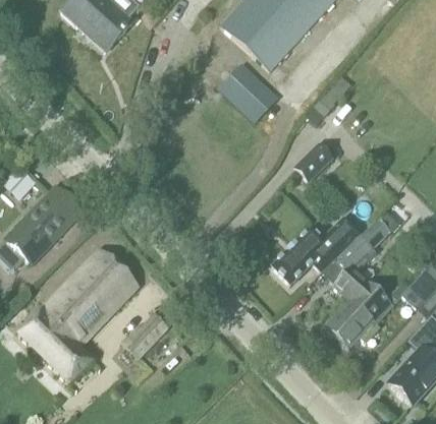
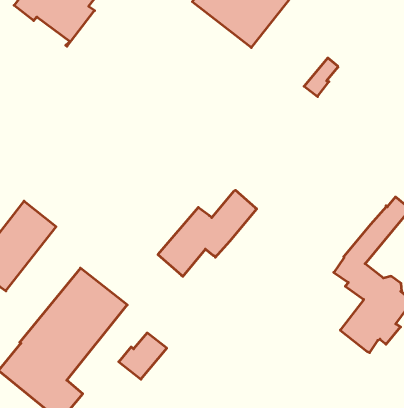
building: [219,61,278,120] -> none
building: [294,141,333,181] -> none
building: [270,217,362,289] -> [158,190,257,276]

